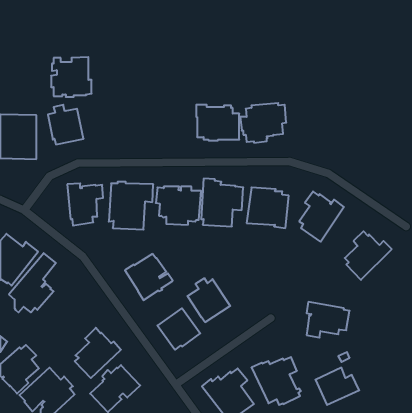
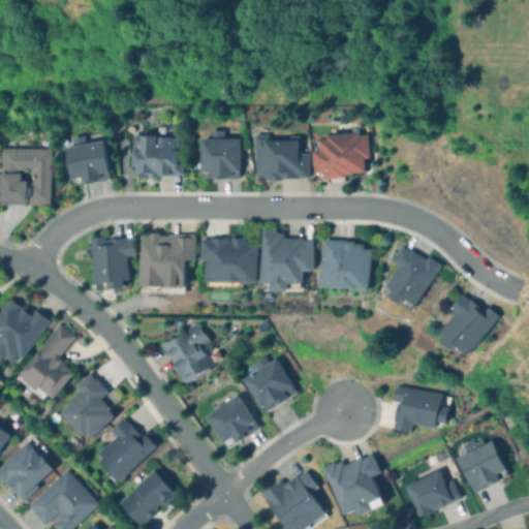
building: [51,57,92,97] -> [129,128,181,179]
building: none -> [199,131,239,180]
building: none -> [59,373,120,437]
building: none -> [456,440,508,493]

